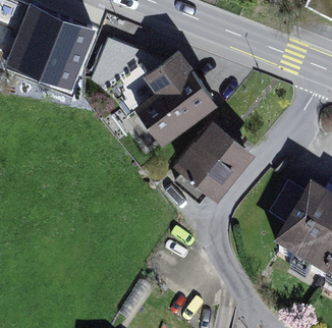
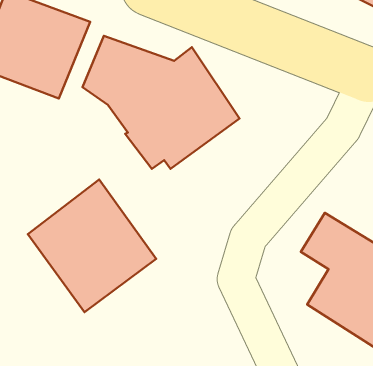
building: [174,114,258,201] -> none
building: none -> [28,180,156,312]

